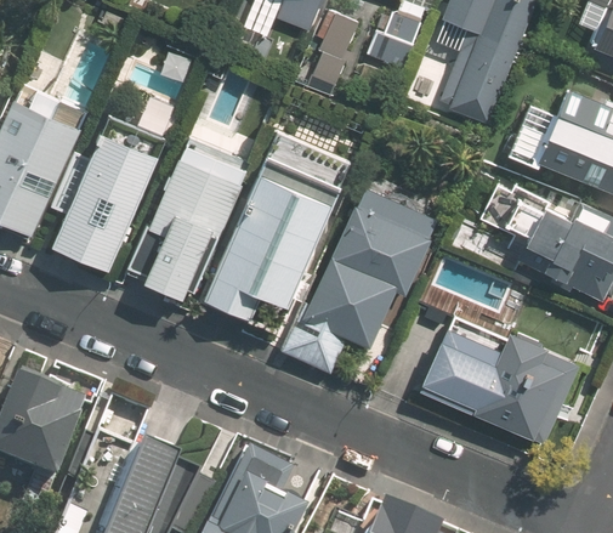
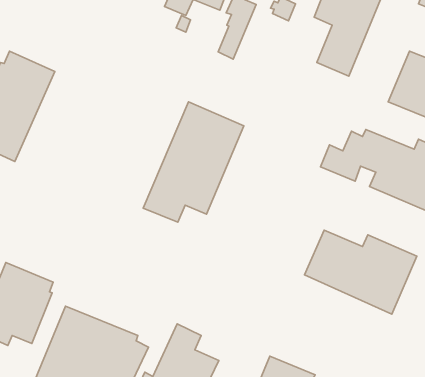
building: [52,130,160,260] -> none
building: [126,148,245,300] -> none
building: [282,181,441,372] -> none

